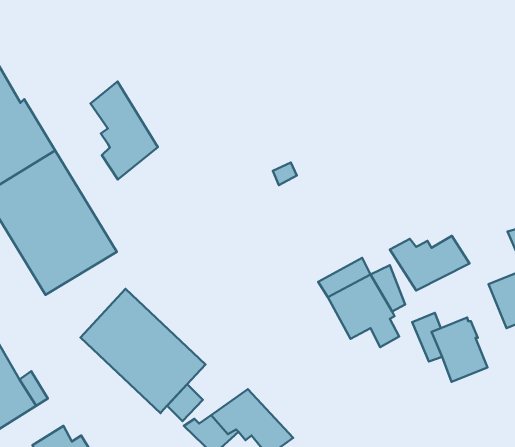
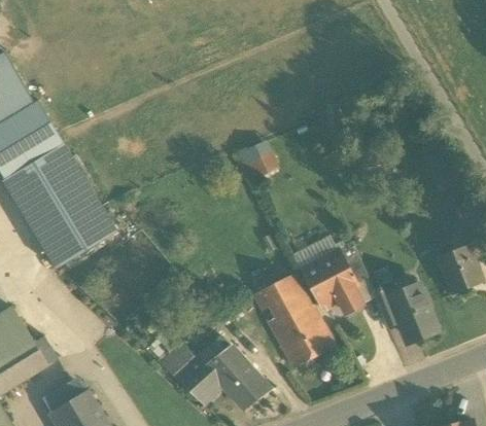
building: [91,82,158,180] -> none
building: [390,236,470,290] -> none
building: [80,289,206,413] -> none
building: none -> [254,274,335,366]

